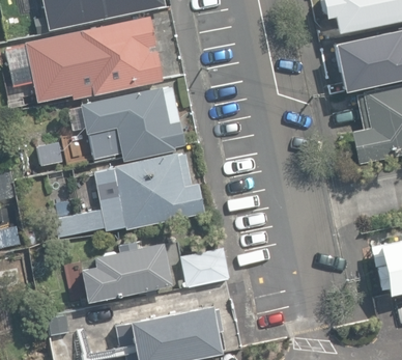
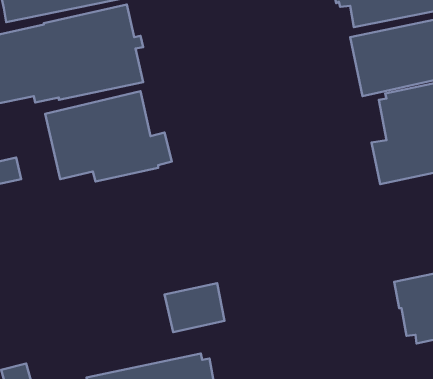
building: [55,154,203,238] -> none
building: [79,243,170,302] -> none

